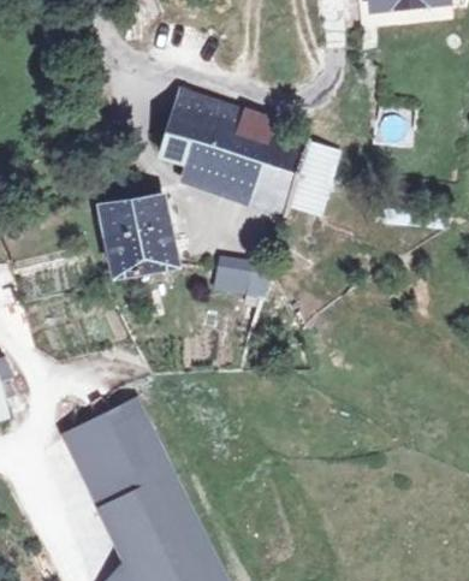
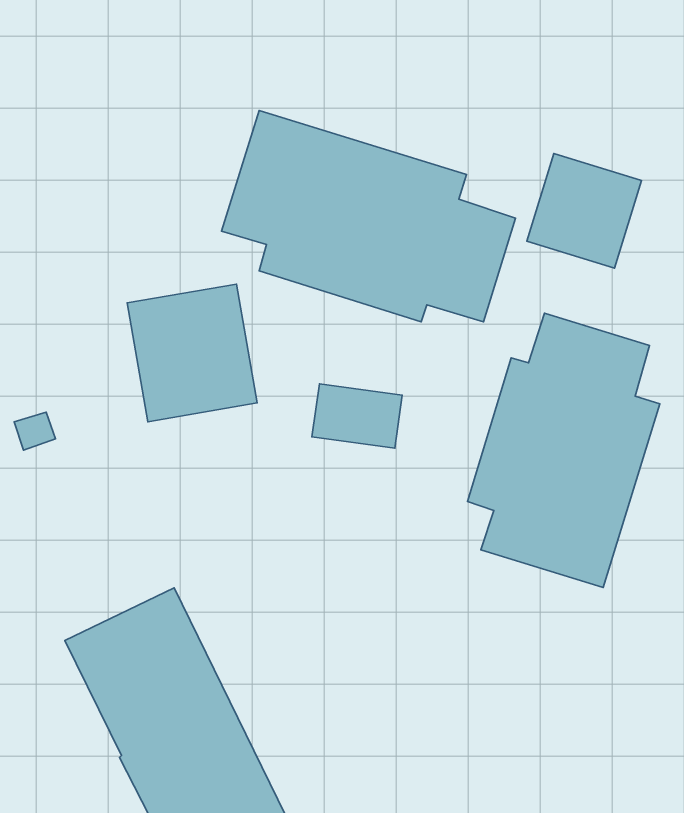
building: none -> [527,154,642,268]
building: none -> [468,313,660,587]

